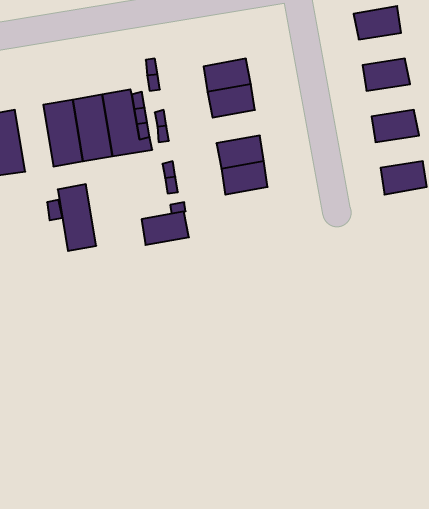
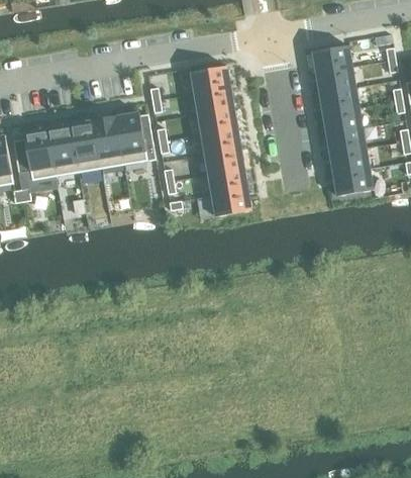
building: none -> [192,68,228,94]
building: none -> [317,68,353,93]
building: none -> [323,108,361,133]
building: none -> [202,128,239,155]
building: none -> [330,149,368,174]
building: [58,184,96,251] -> [46,124,77,177]
building: [142,212,189,245] -> [212,189,249,215]

